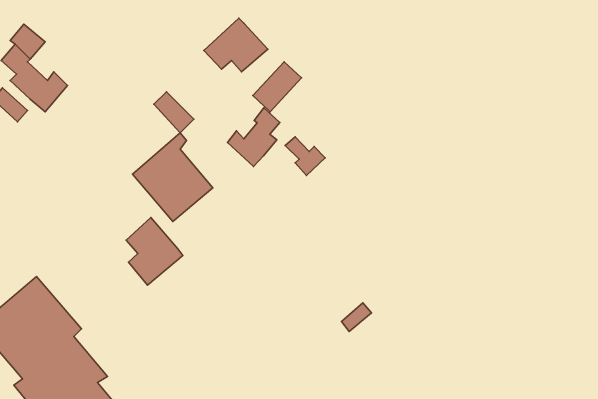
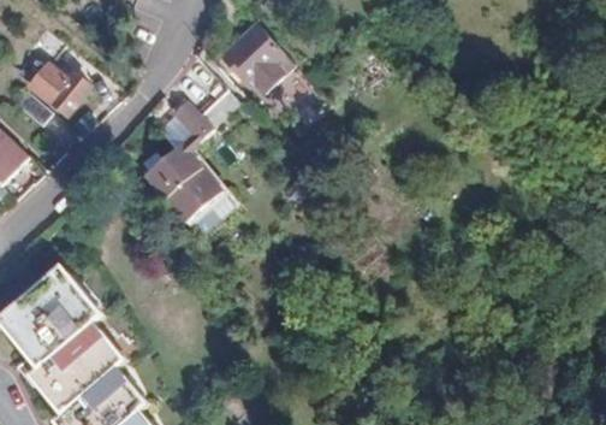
building: [228,108,280,166] -> none
building: [126,218,183,285] -> none

